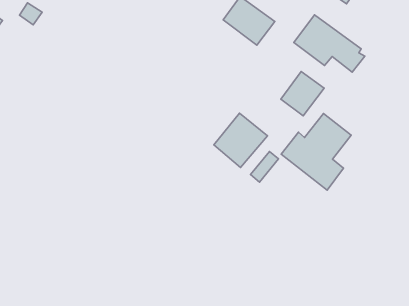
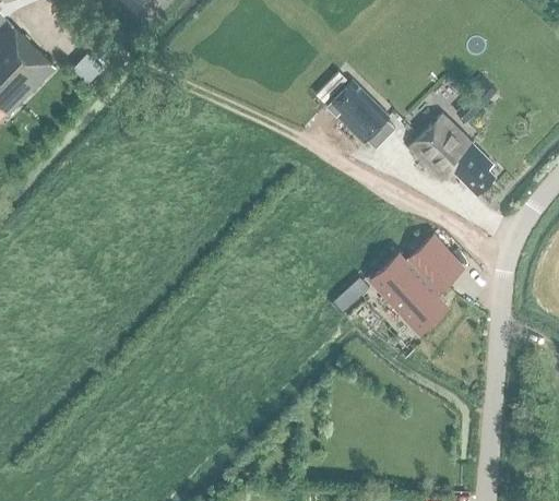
building: [281,71,324,116] -> none
building: [214,113,267,167] -> none

